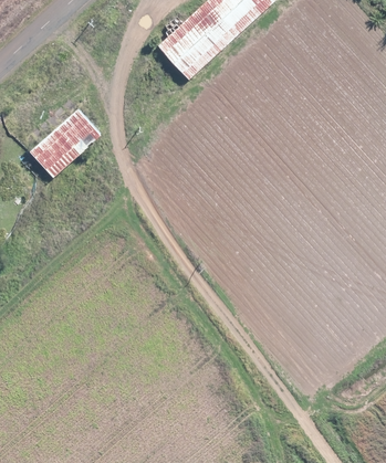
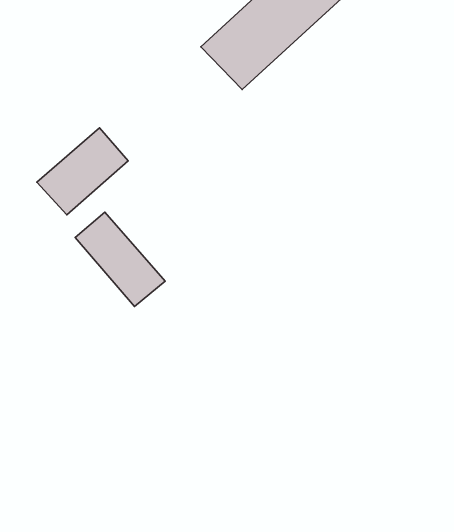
building: none -> [75,212,165,306]

